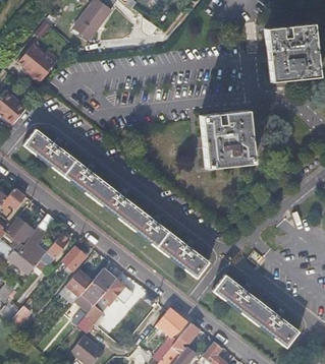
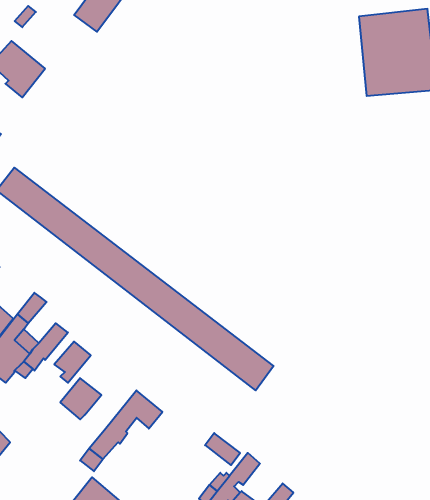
building: [198,110,253,168] -> none
building: [82,267,116,304] -> none
building: [211,272,296,345] -> none

